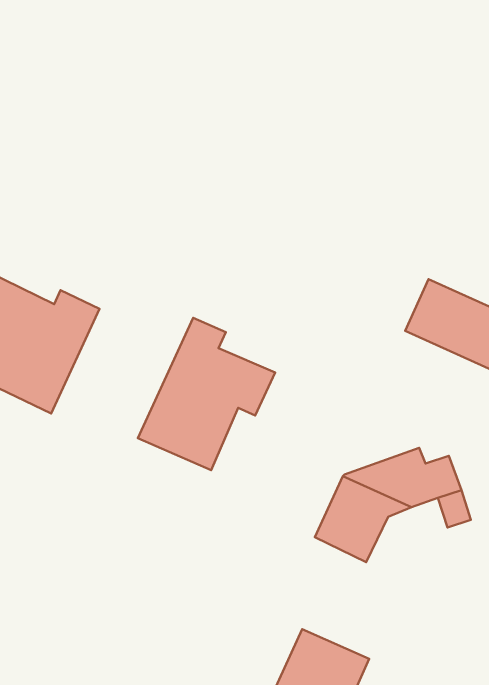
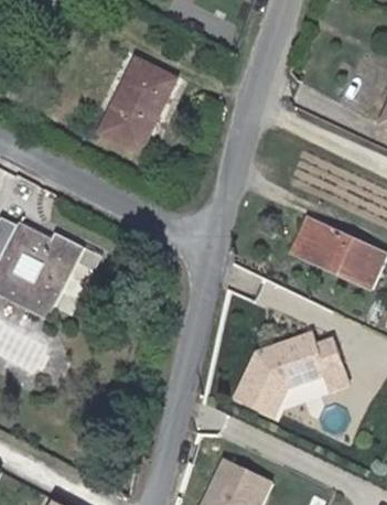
building: none -> [96,52,171,143]
building: [138,318,275,470] -> none

